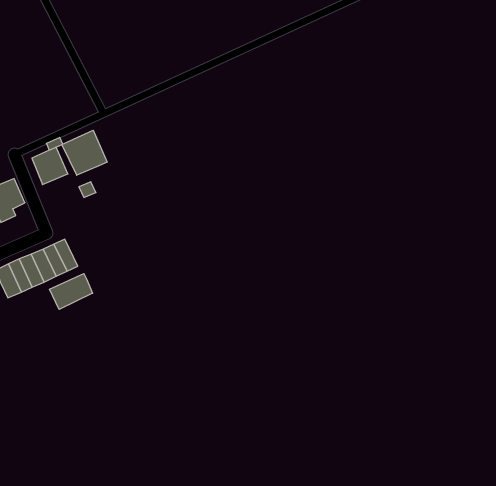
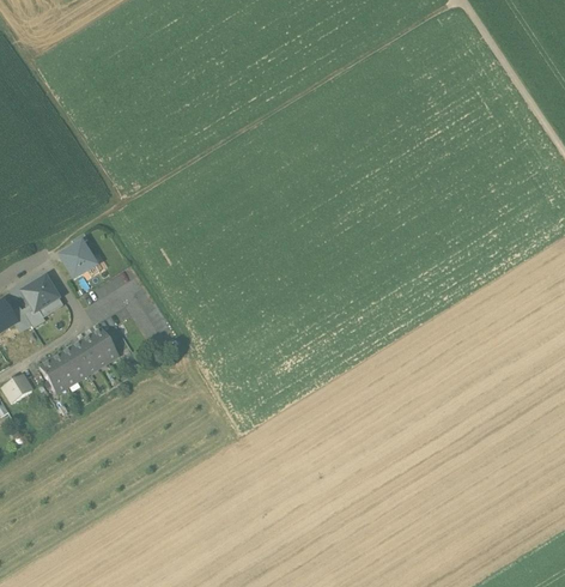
building: [62,130,107,175] -> none
building: [49,274,93,309] -> none

